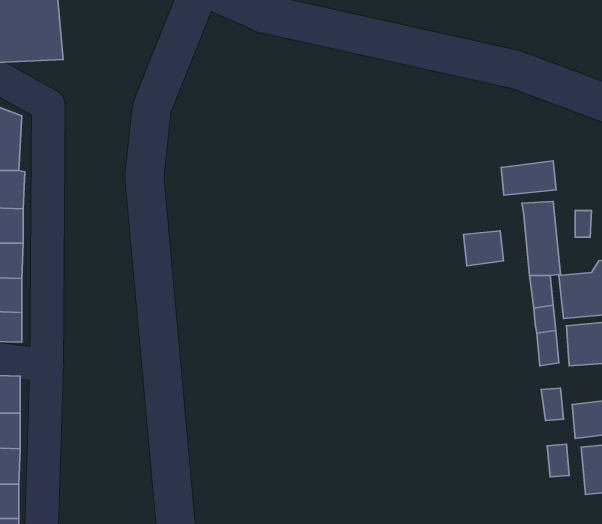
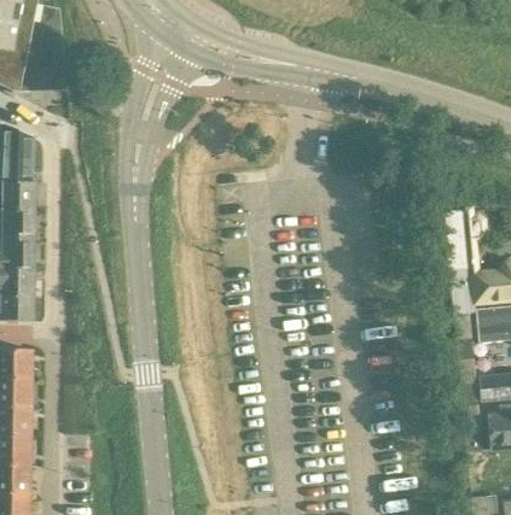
building: [501,161,556,195] -> none
building: [464,231,503,266] -> none

